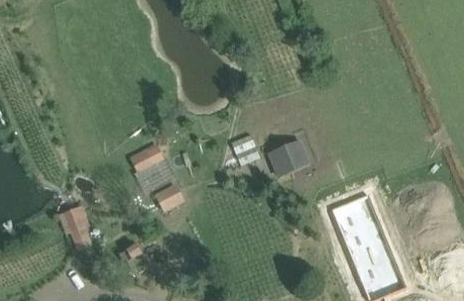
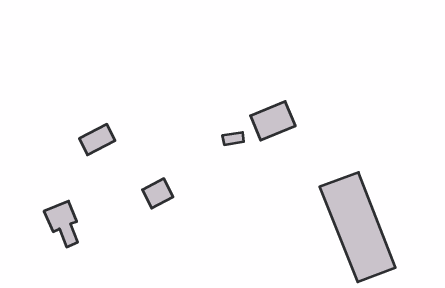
building: [266,141,311,180] -> [250,101,295,140]
building: [128,144,163,175] -> [79,124,115,155]

